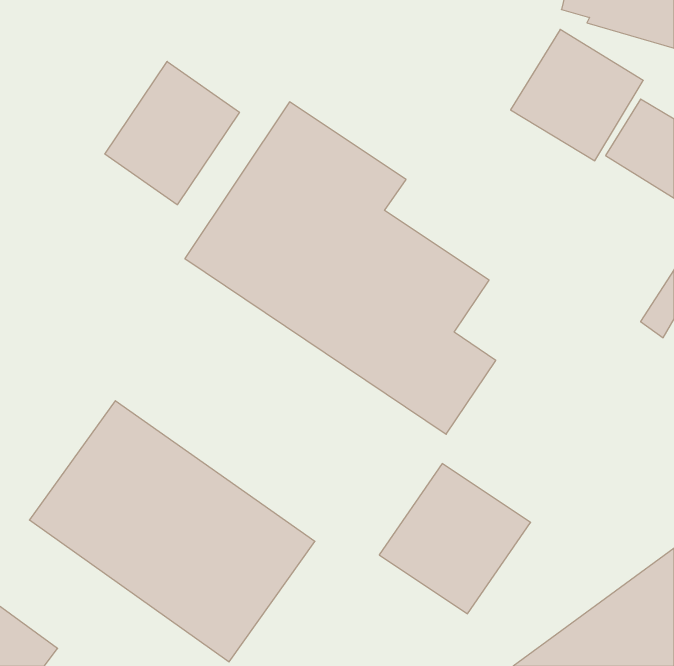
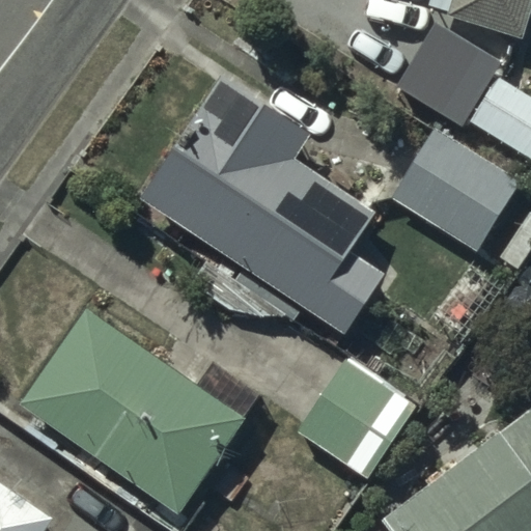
building: [105,61,239,205] -> none
building: none -> [390,130,516,250]

